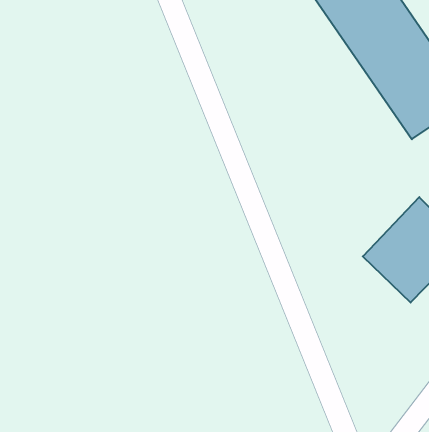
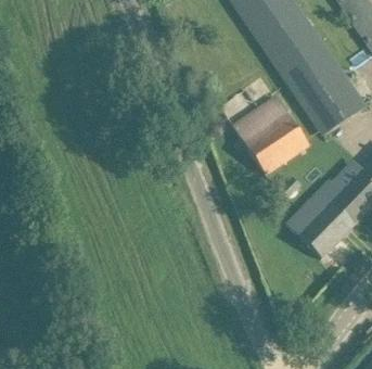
building: none -> [233,96,309,174]

